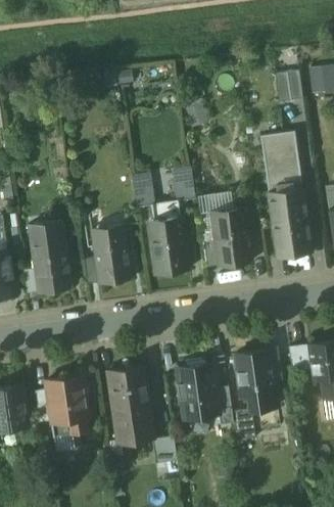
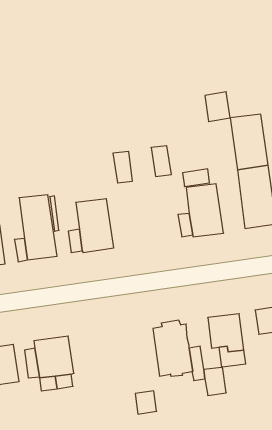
building: [275,71,302,103] -> [205,92,230,122]
building: [148,216,190,275] -> none
building: [108,369,152,439] -> none

